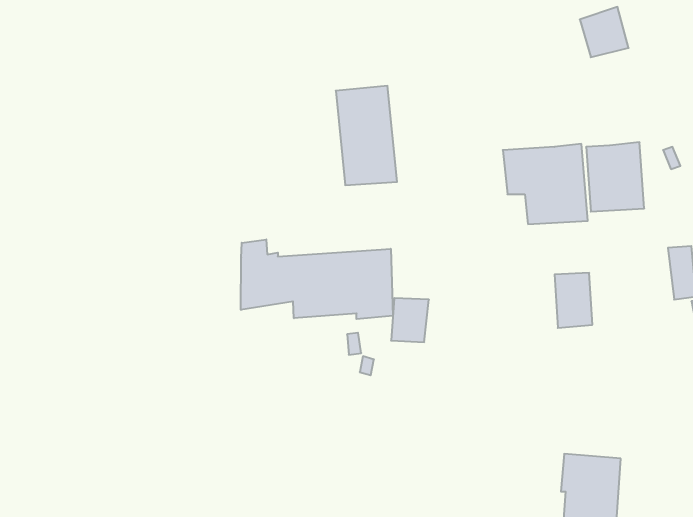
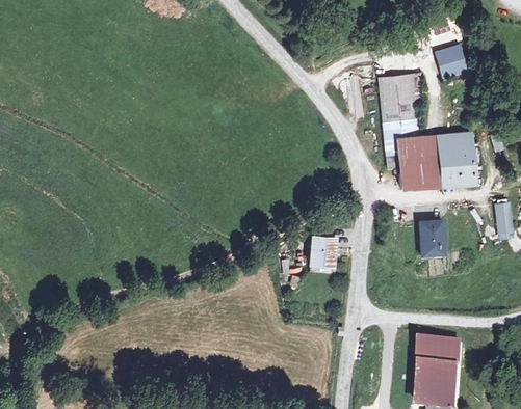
building: [336,86,397,185] -> [377,73,418,138]
building: [241,239,393,319] -> none

